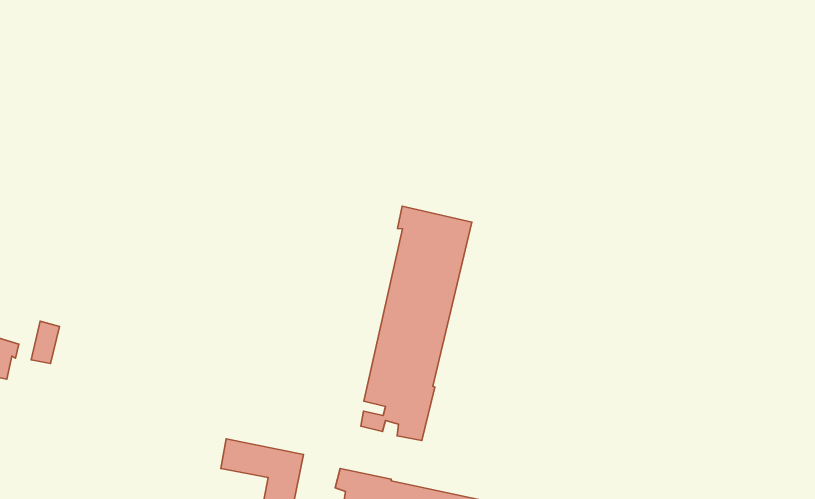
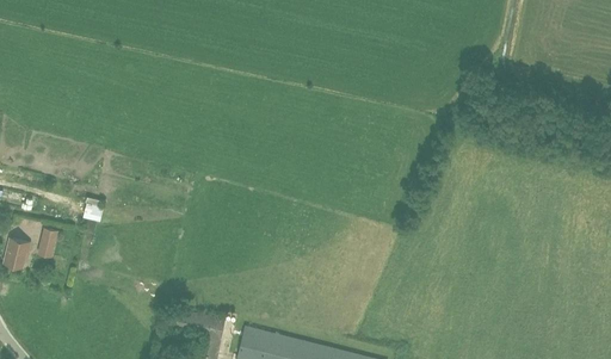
building: [361,206,472,440] -> none

